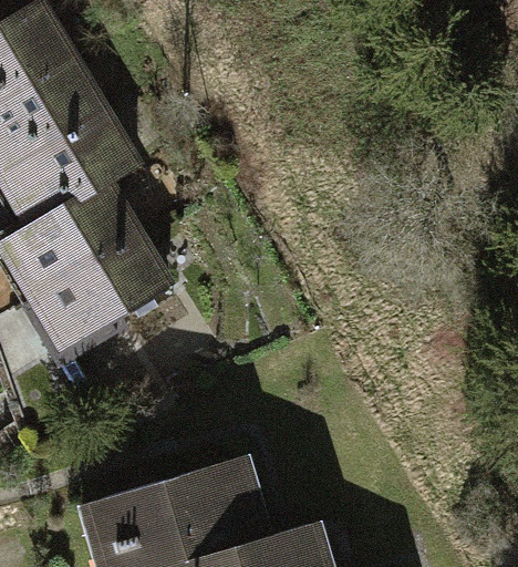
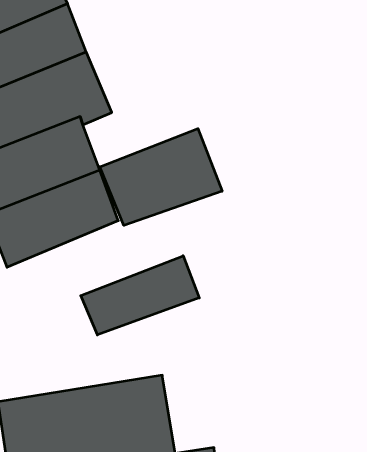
building: none -> [100,129,222,225]
building: none -> [81,256,199,335]

